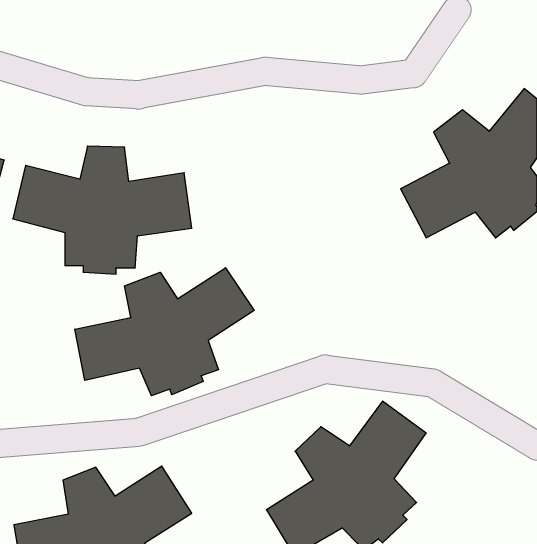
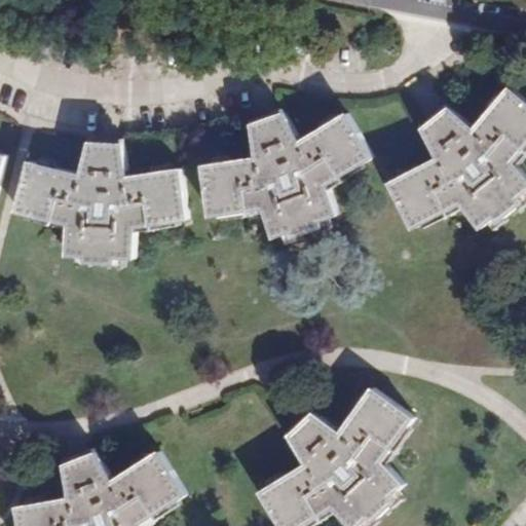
building: none -> [199,112,371,238]
building: [75,268,254,396] -> none

